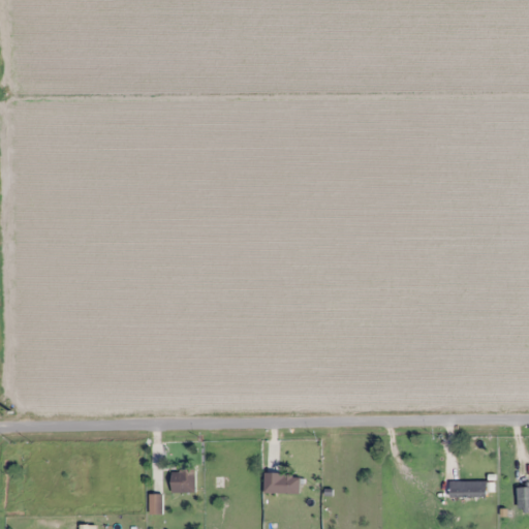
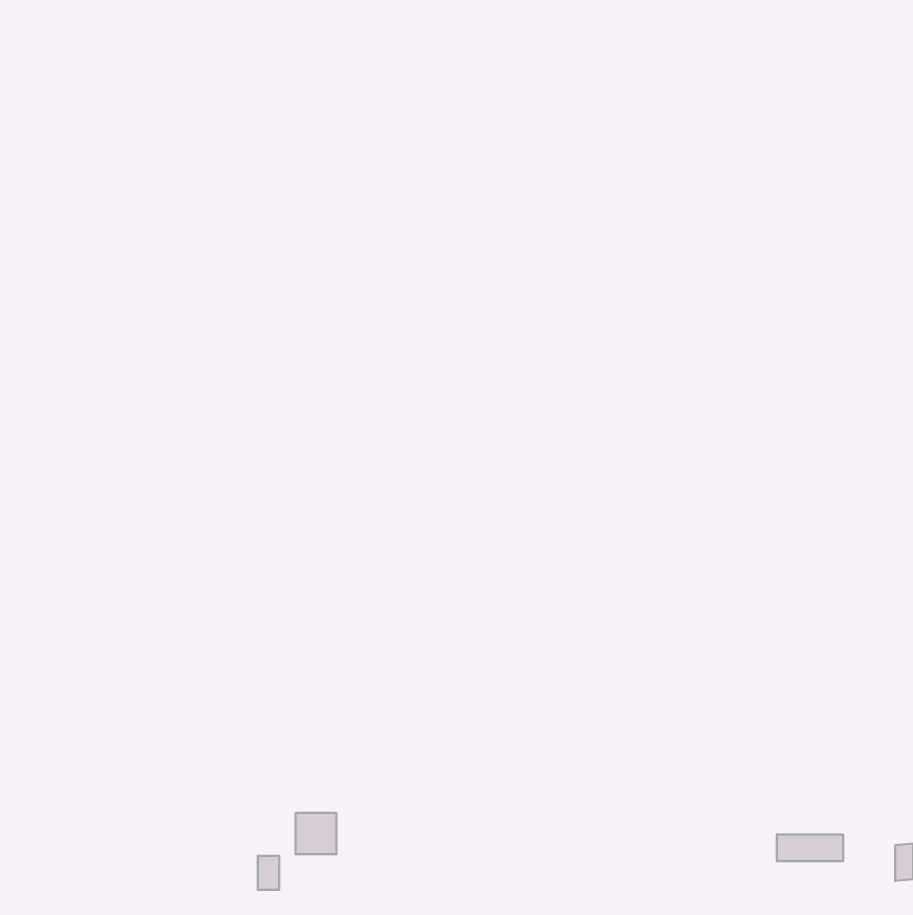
building: [263,473,300,493] -> none

